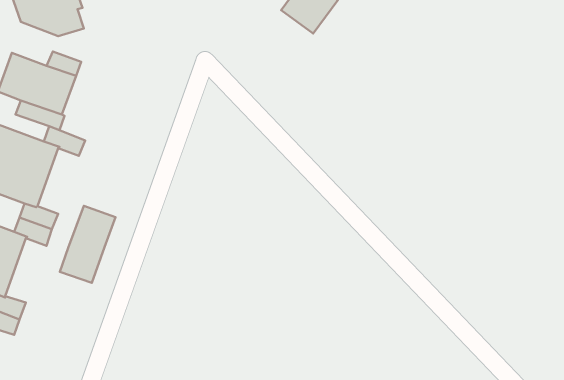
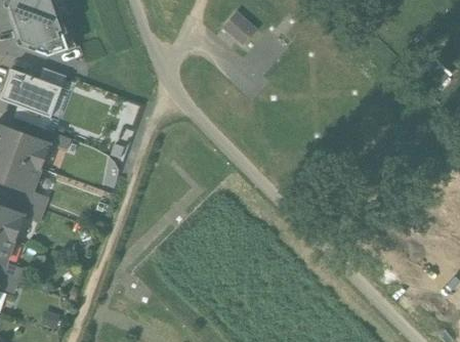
building: [60,206,115,283] -> none

